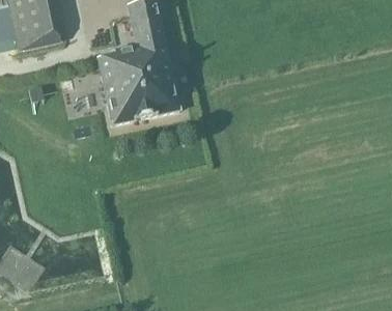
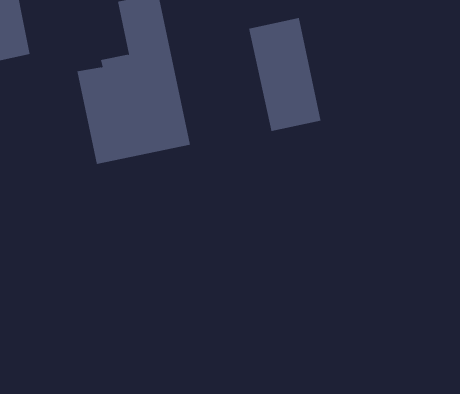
building: none -> [248,17,321,132]

